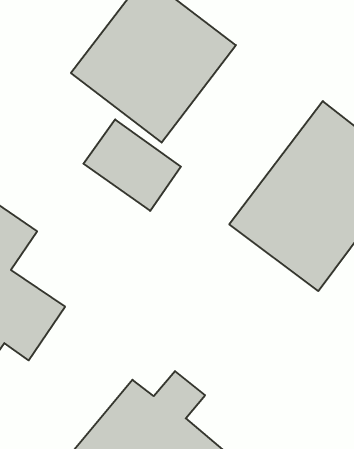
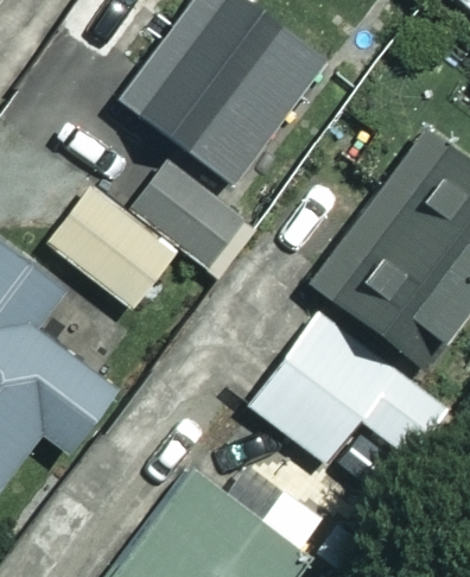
building: none -> [47,184,179,309]
building: none -> [250,313,447,461]

